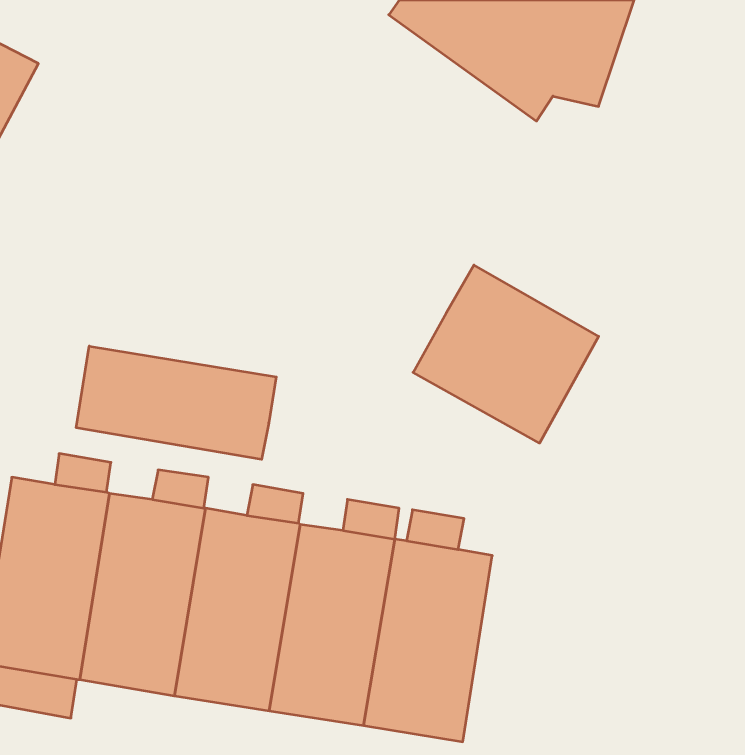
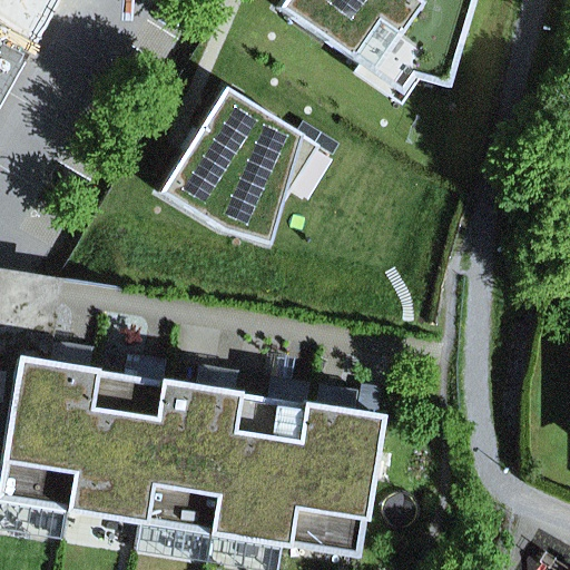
building: none -> [163,86,315,245]
building: [413,265,599,443] -> none
building: [76,346,276,459] -> none

